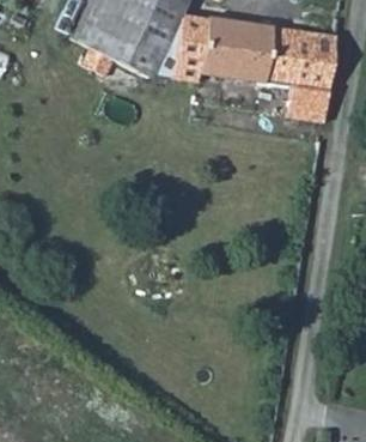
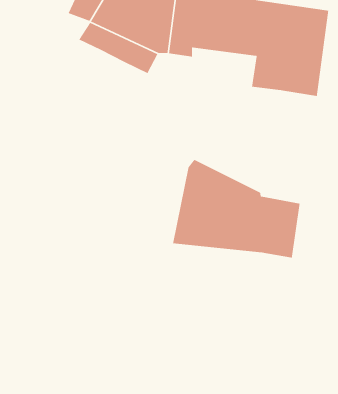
building: none -> [172,159,301,258]

